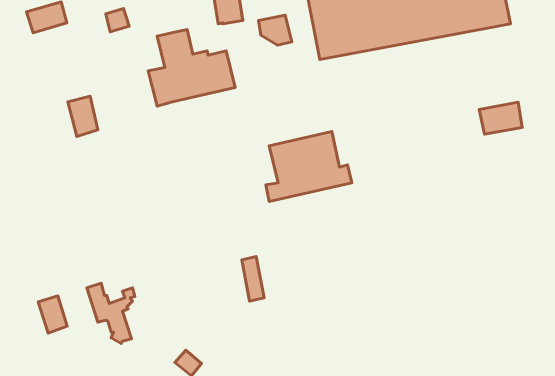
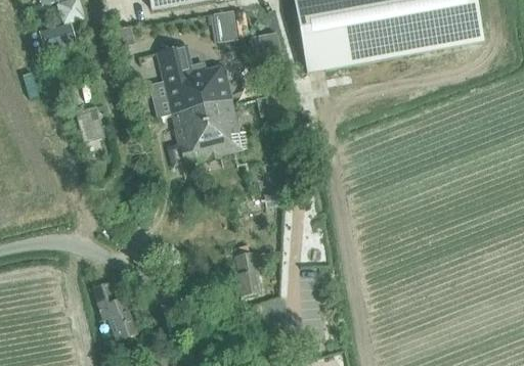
building: [479,102,522,134] -> none
building: [266,131,352,202] -> [169,97,248,162]
building: [38,296,67,333] -> none

